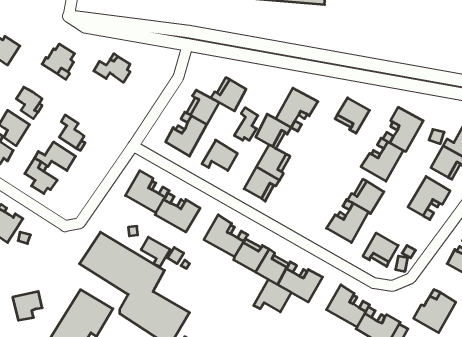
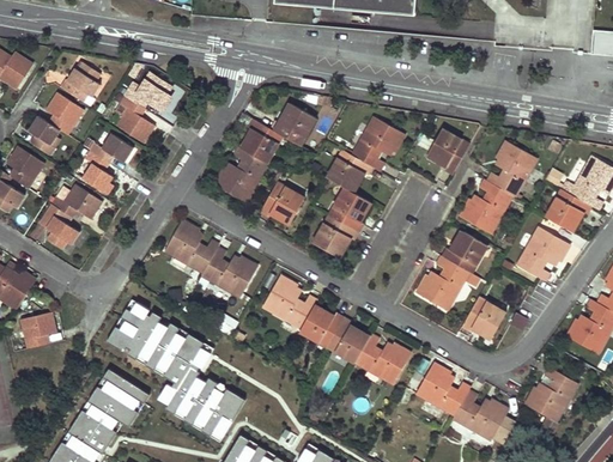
building: none -> [111,91,154,144]
building: none -> [44,92,84,135]
building: none -> [89,134,133,163]
building: [234,108,258,140] -> none
building: [141,237,170,267] -> none
building: [254,279,291,312] -> none
building: [13,291,42,320] -> [19,312,56,348]

